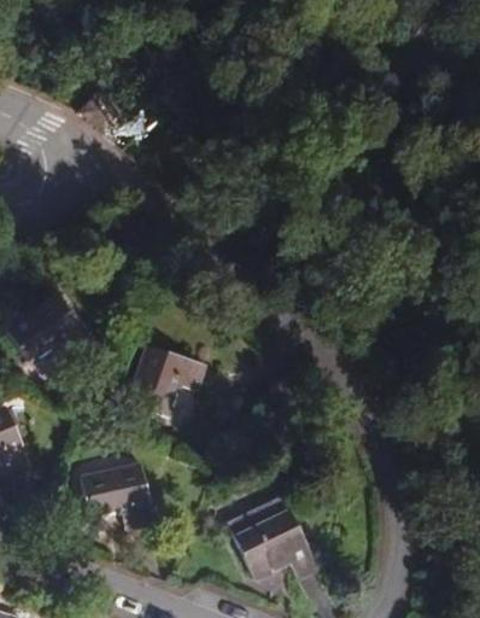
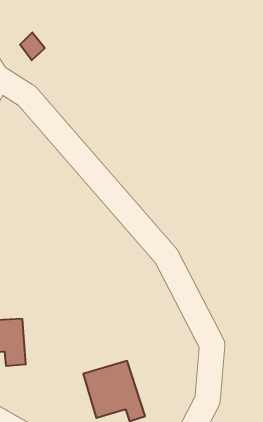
building: [129,348,204,418] -> none

